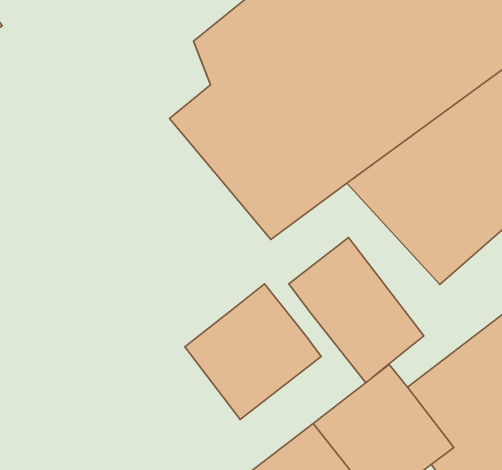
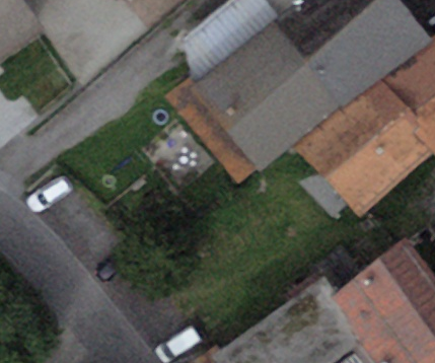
building: [289,237,424,383] -> none
building: [185,284,321,419] -> none

